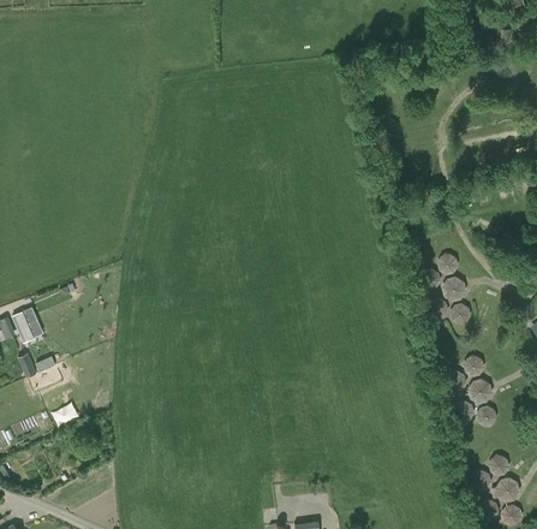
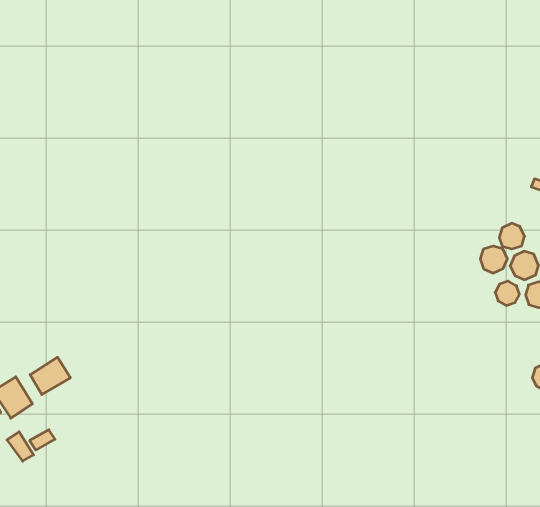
building: none -> [30,357,70,395]

